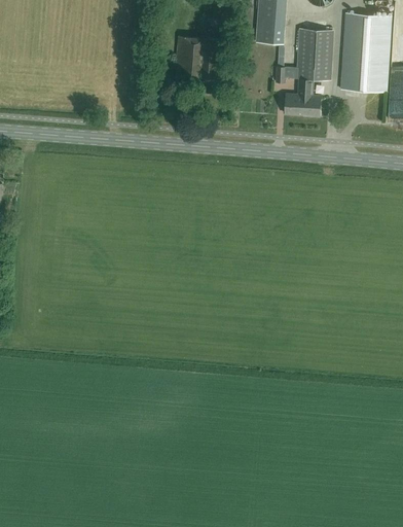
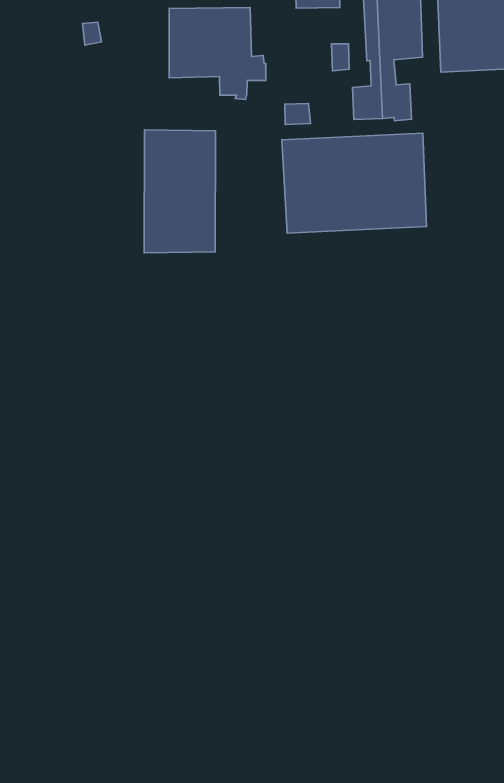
building: none -> [144,130,216,253]
building: none -> [282,133,427,233]

